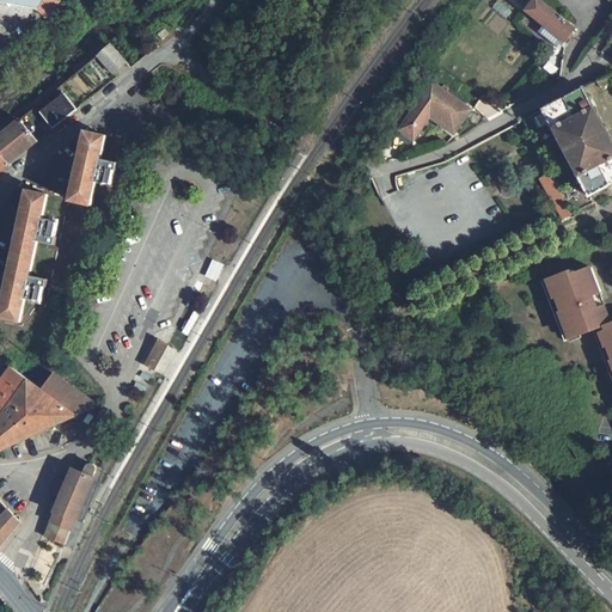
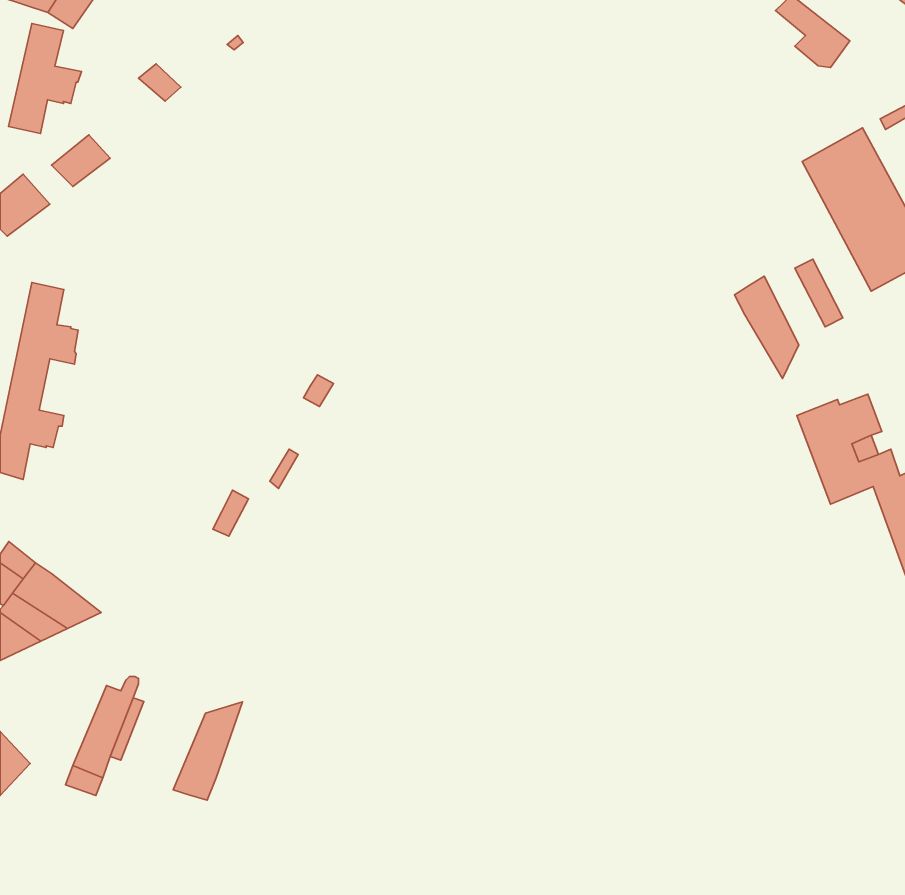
building: [399,85,470,143] -> none
building: [66,130,115,204] -> [9,23,81,134]
building: none -> [734,276,799,379]
building: [36,372,90,412] -> none
building: none -> [173,702,243,800]

